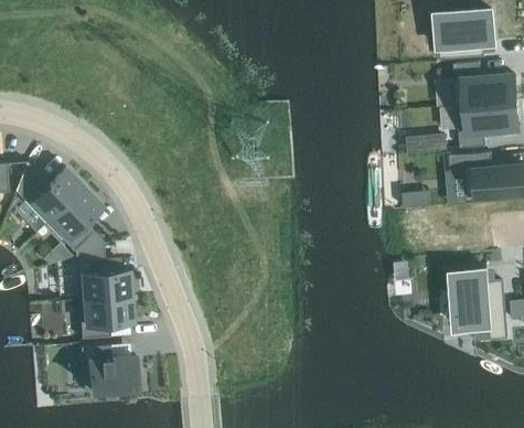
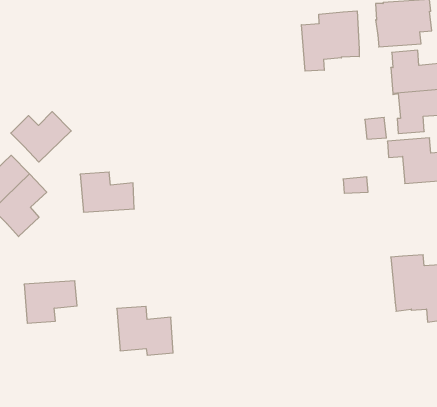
building: none -> [301,11,359,71]
building: none -> [11,112,71,162]
building: [75,259,130,300] -> [80,172,134,212]
building: [81,345,138,395] -> [117,306,173,355]

